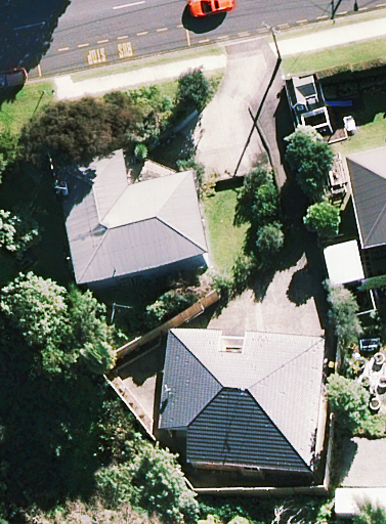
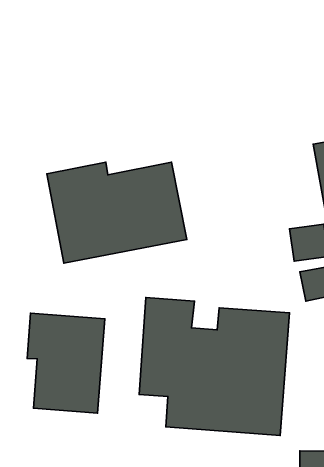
building: none -> [27,313,105,413]

